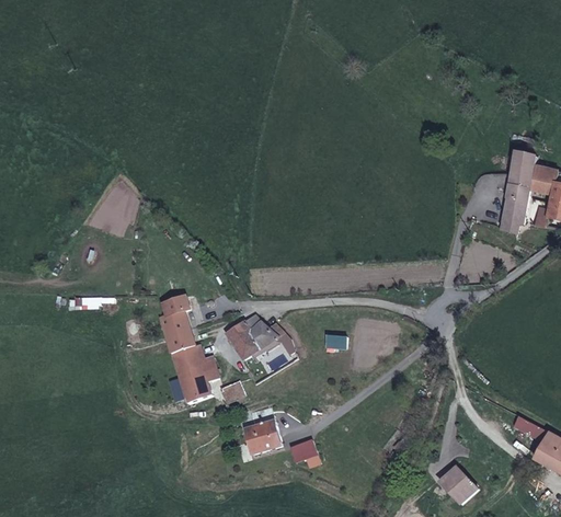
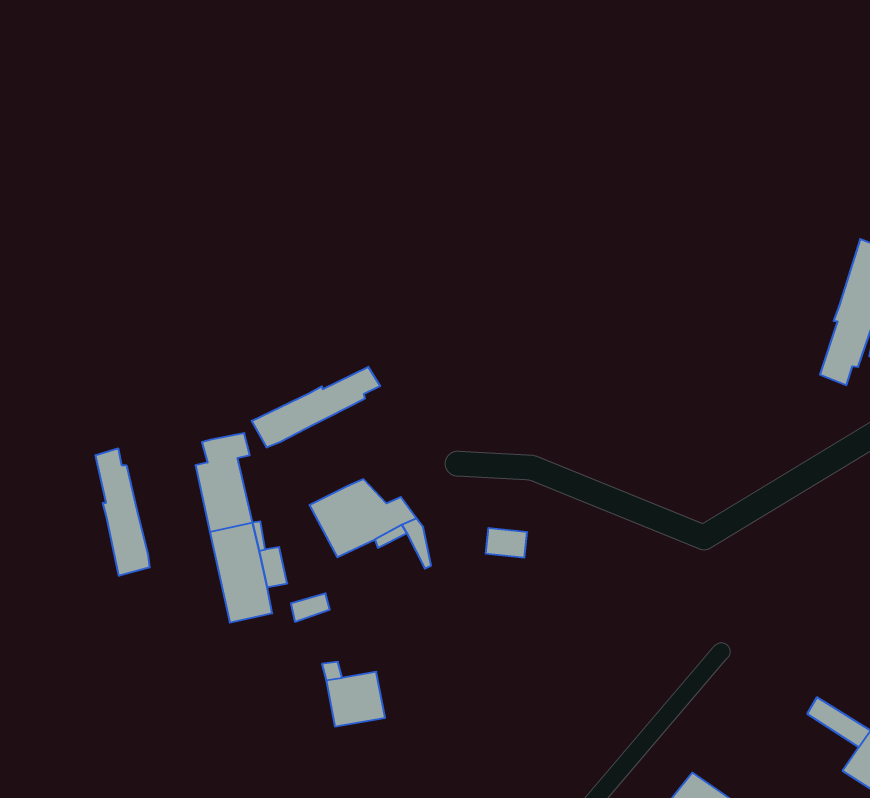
building: none -> [252,367,380,448]
building: none -> [96,448,150,576]
building: [289,439,321,469] -> none

